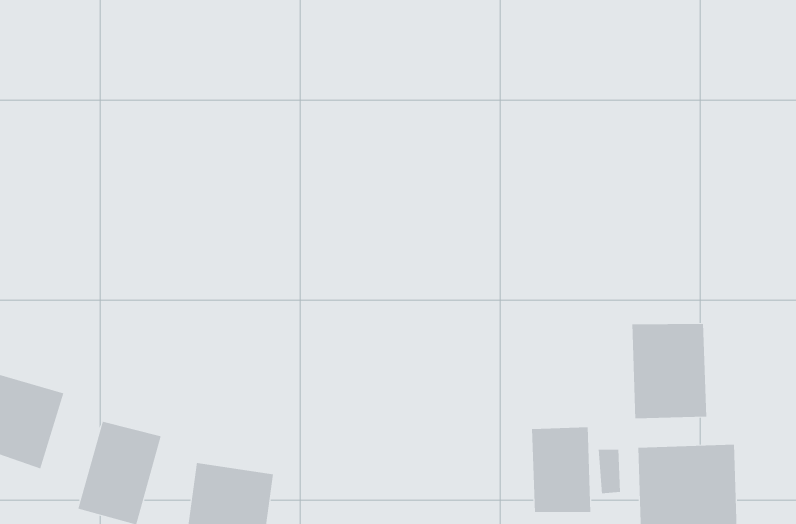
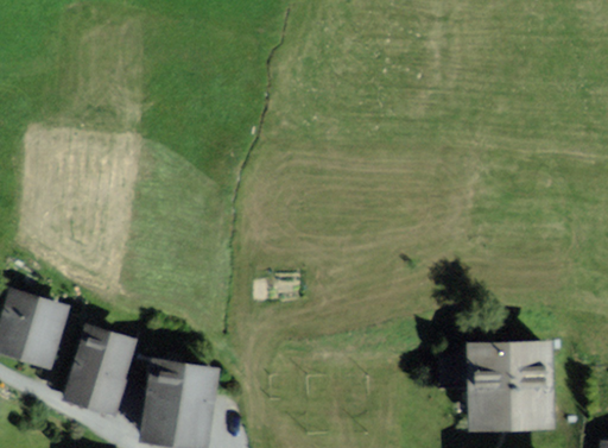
building: [632,323,707,419] -> none
building: [532,427,591,513] -> none

